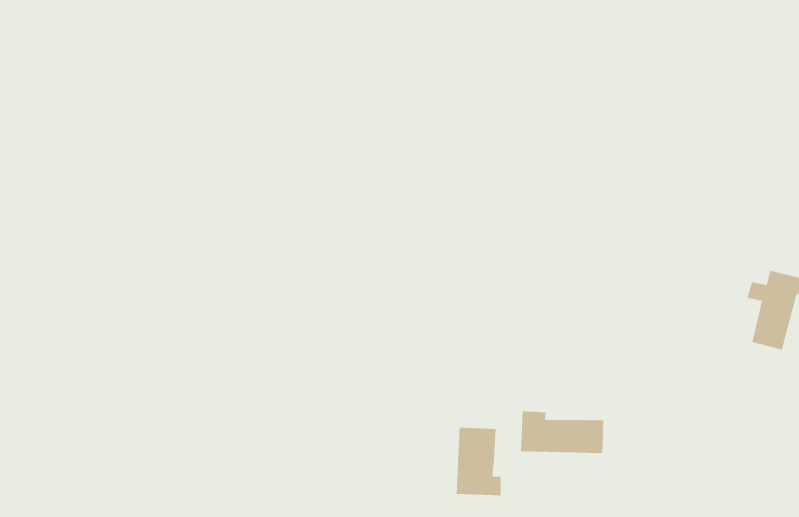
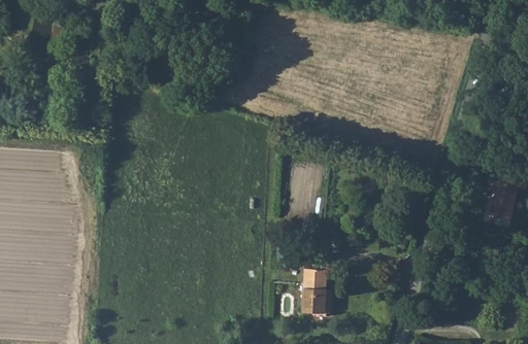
building: [521,410,604,454] -> none

